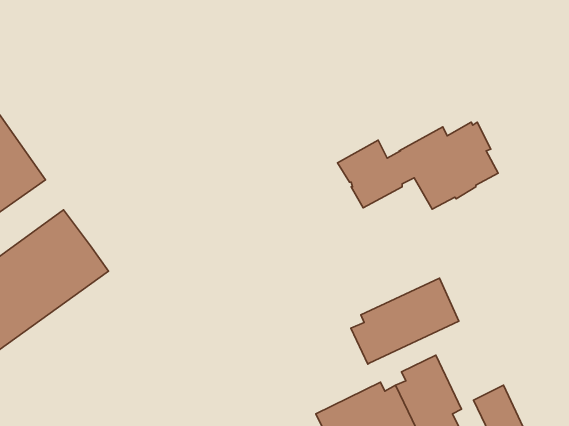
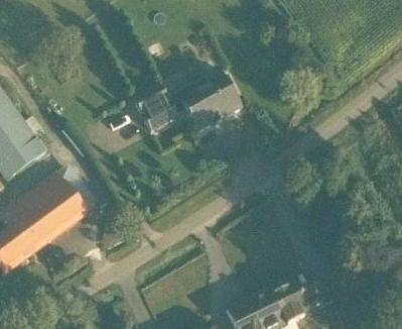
building: [338,122,498,209] -> [134,74,242,132]
building: [351,278,459,364] -> none

